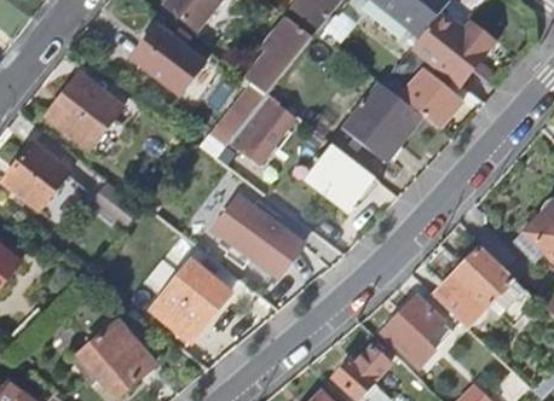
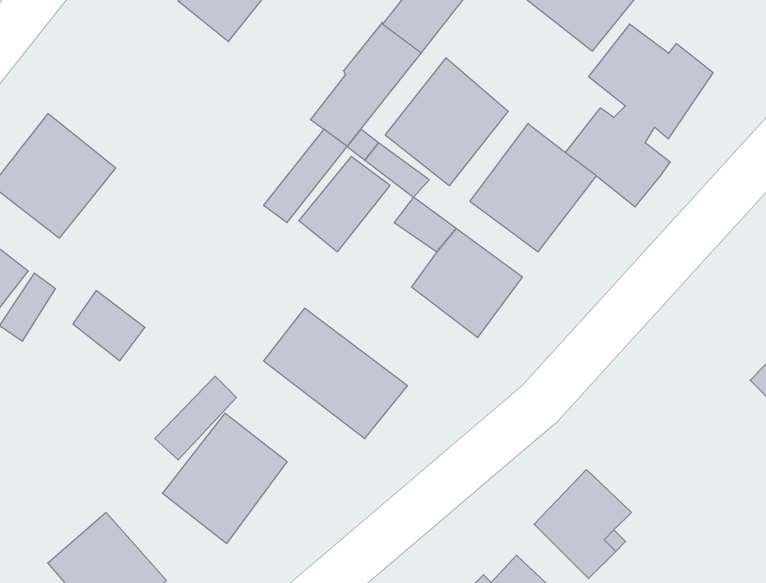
building: [139,28,209,97] -> none
building: none -> [385,58,508,186]
building: [431,245,517,327] -> none

